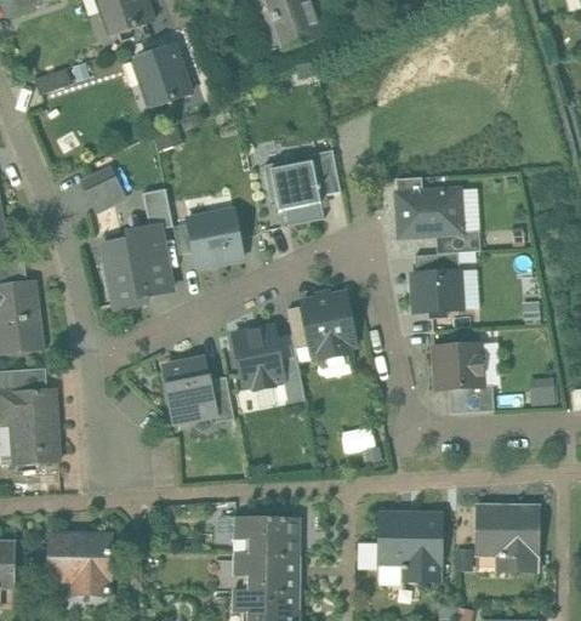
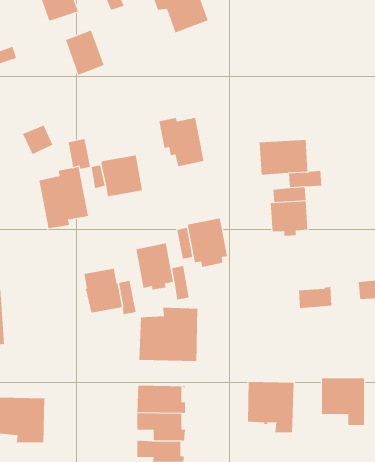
building: [309,149,340,198] -> none
building: [433,343,482,389] -> none
building: none -> [139,307,198,362]

